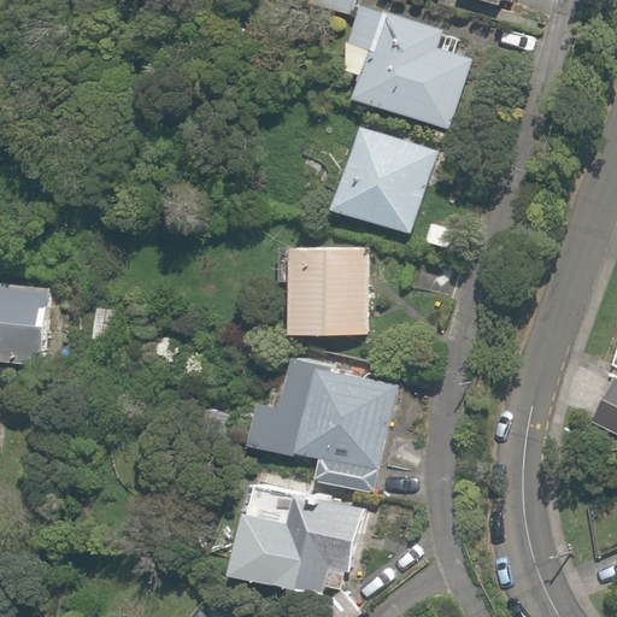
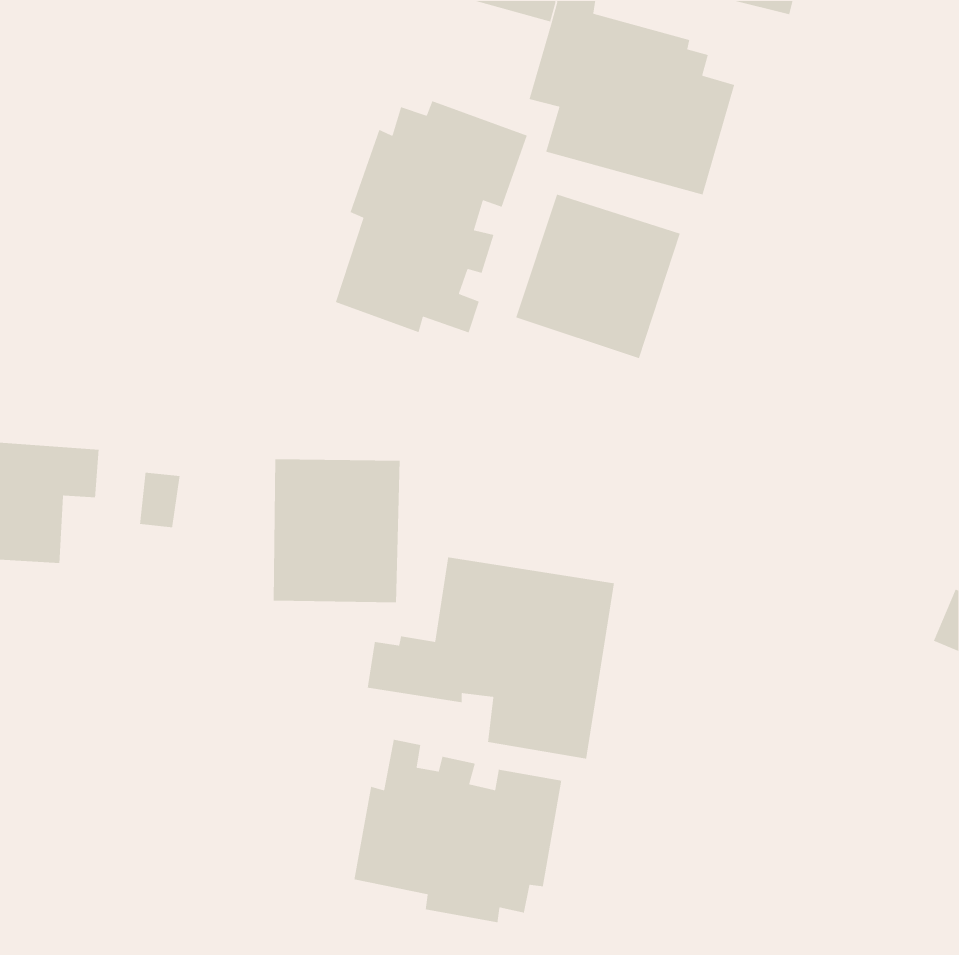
building: none -> [335,100,528,334]
building: [287,243,369,336] -> [273,458,401,603]

